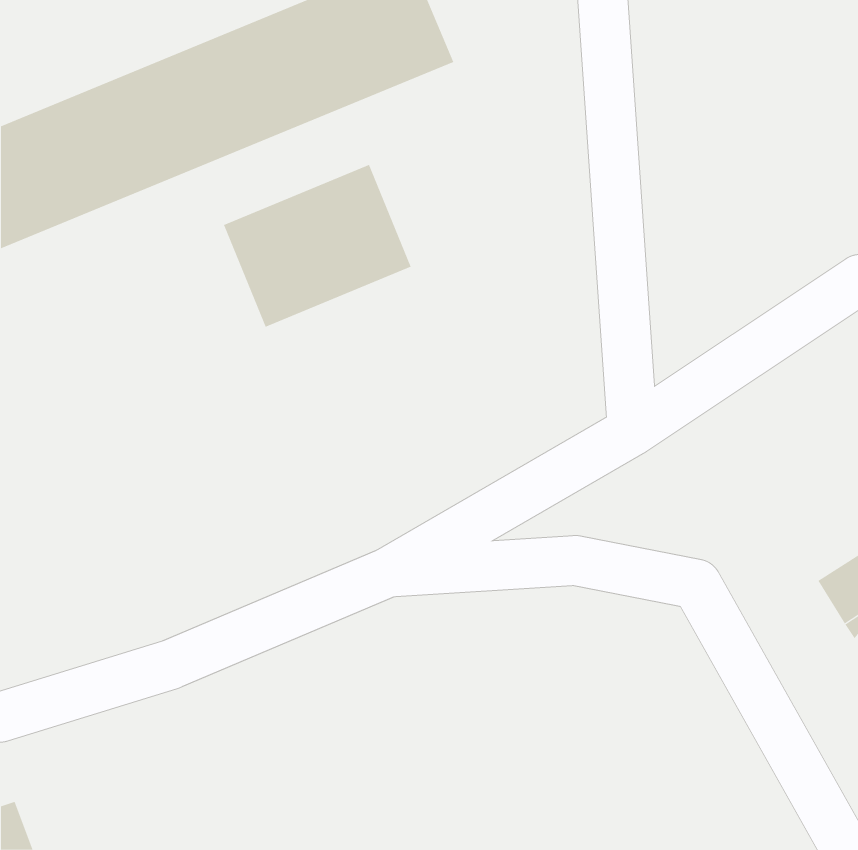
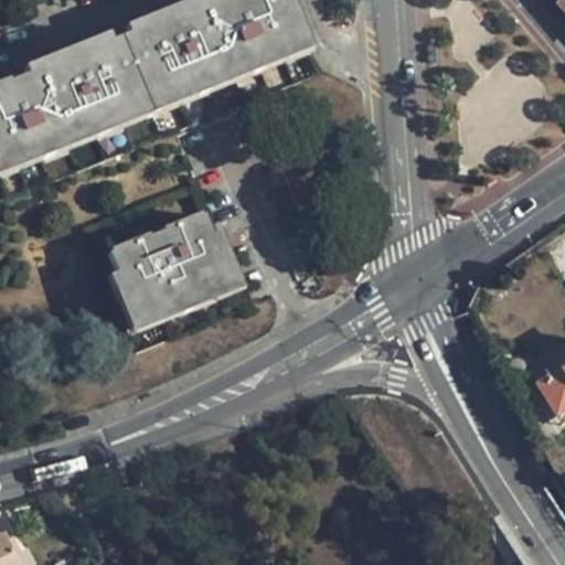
building: [223,164,412,327] -> [107,211,231,318]

